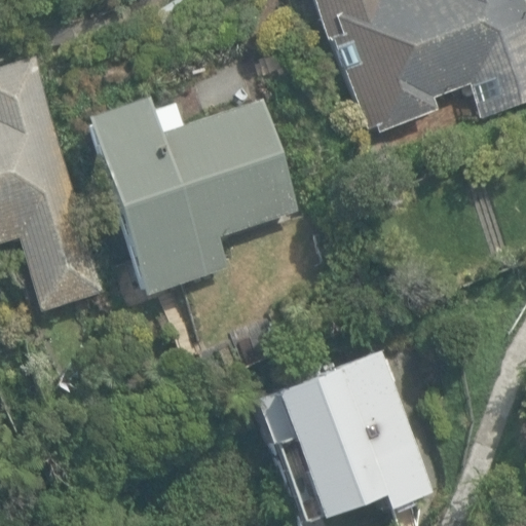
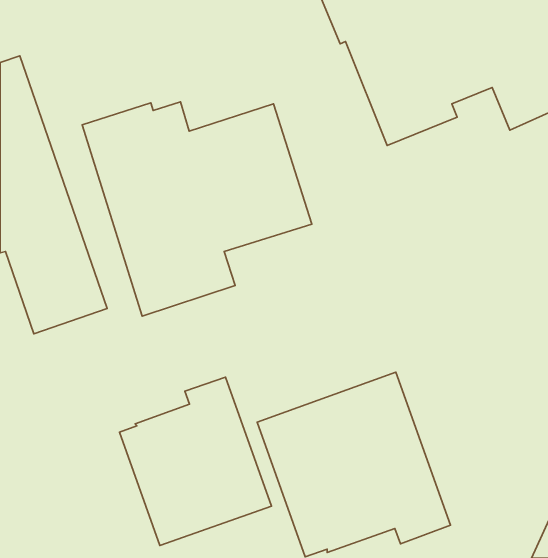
building: none -> [119,377,272,546]

